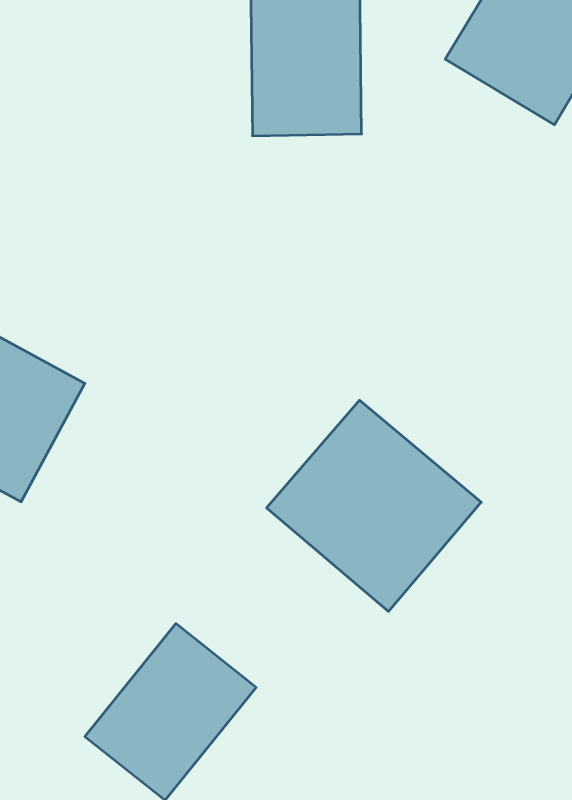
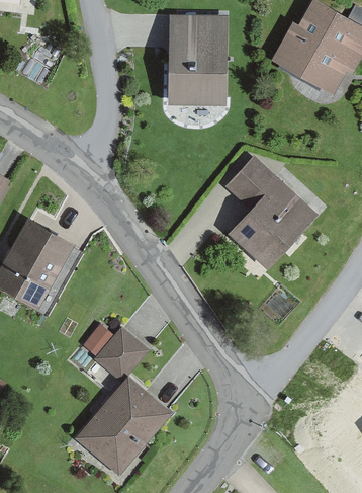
building: [267,400,481,611] -> [201,153,321,270]
building: none -> [90,325,147,382]

